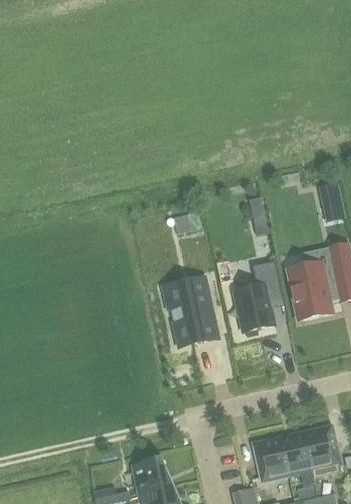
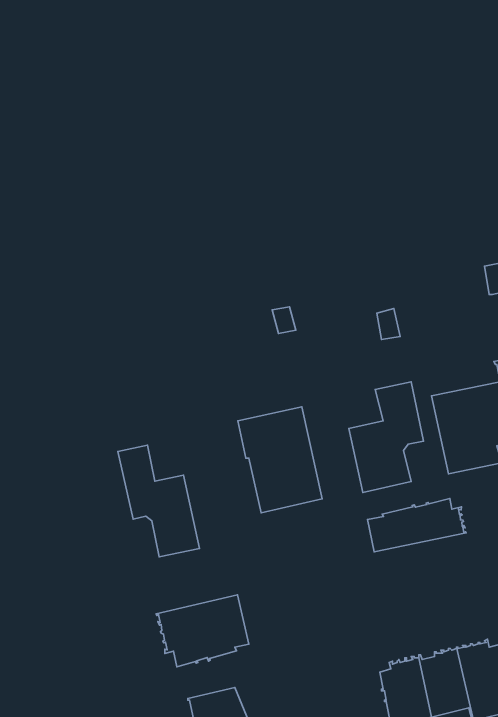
building: none -> [118,445,199,557]
building: none -> [368,499,466,552]
building: none -> [156,595,249,667]

